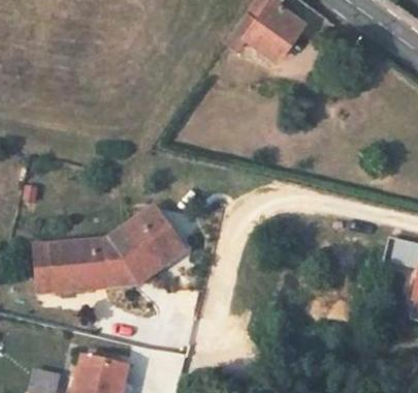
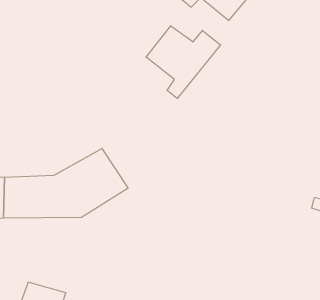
building: none -> [146,26,221,98]

